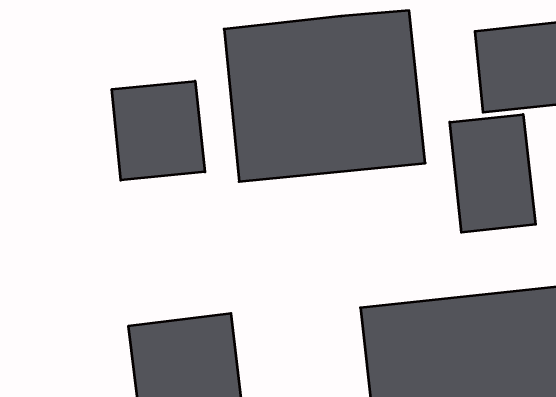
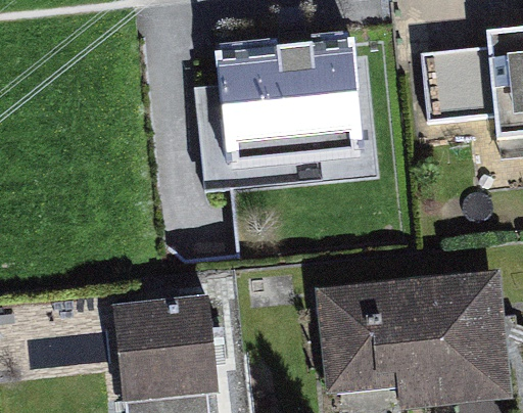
building: [112,81,205,180] -> none
building: [450,114,536,232] -> none

